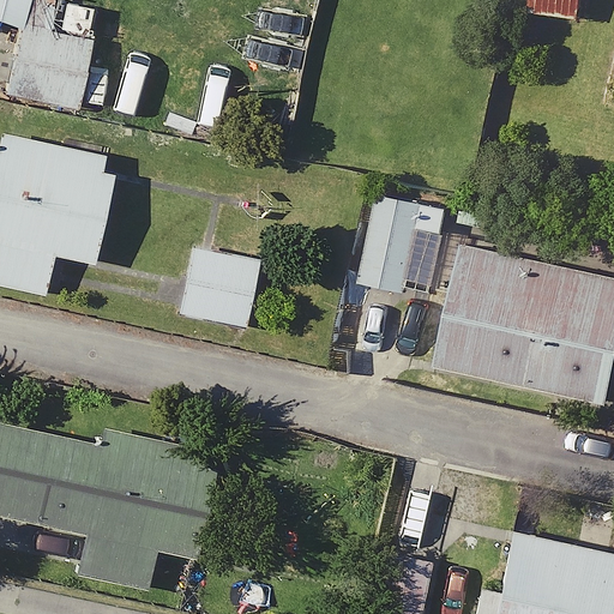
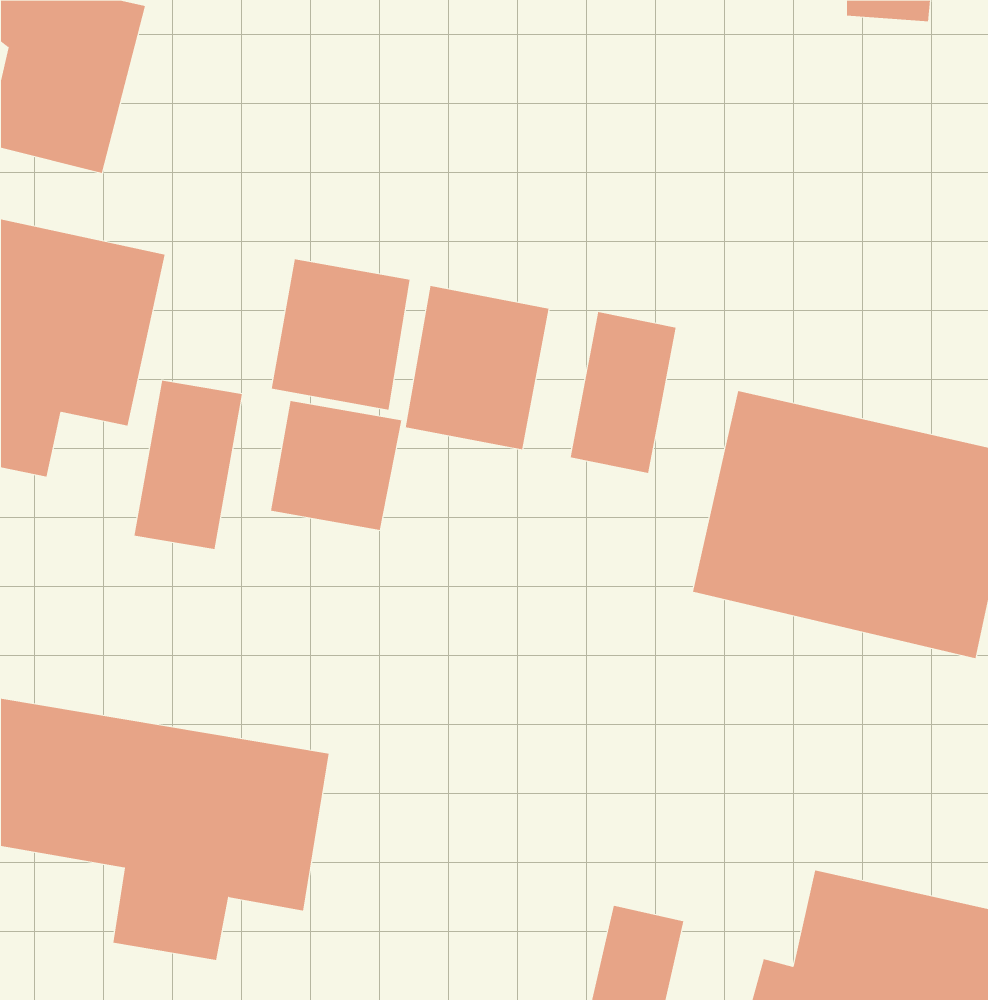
building: none -> [271,259,410,411]
building: none -> [405,285,549,450]
building: none -> [134,380,243,550]

